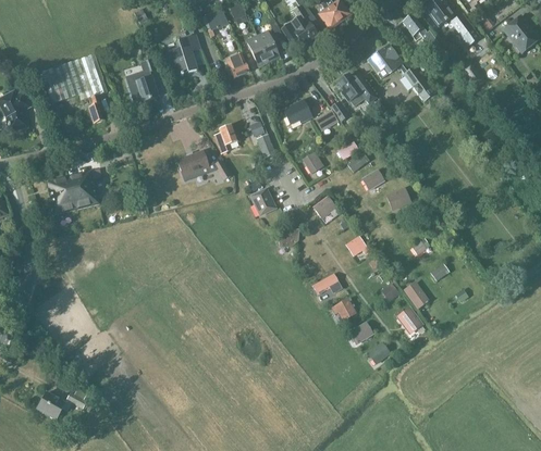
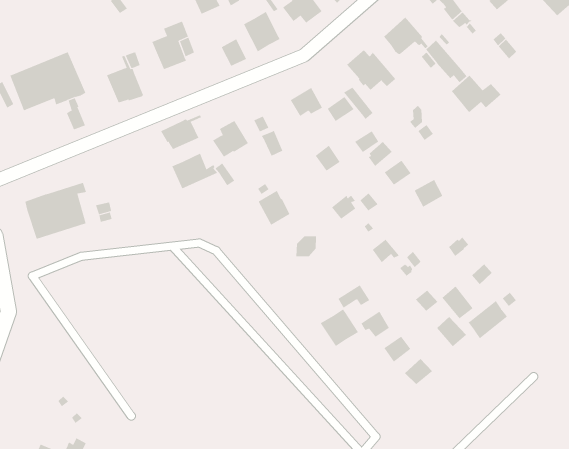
building: none -> [451,75,501,113]
building: none -> [161,114,202,150]
building: none -> [320,308,359,347]
building: none -> [468,300,508,339]

